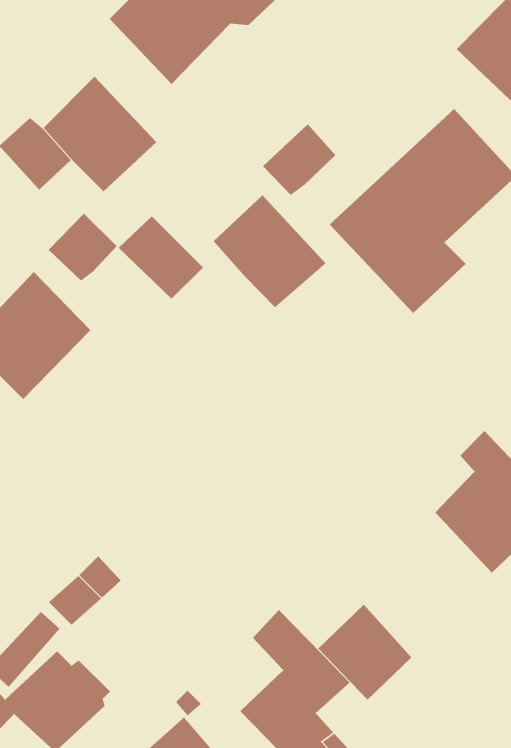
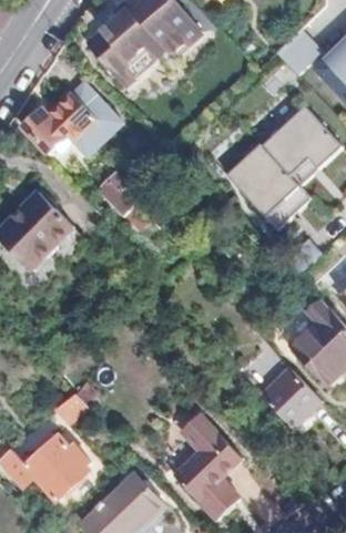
building: [262,124,336,196] -> none
building: [213,194,327,308] -> none
building: [48,213,117,281] -> none
building: [317,604,412,700] -> [261,368,319,428]

